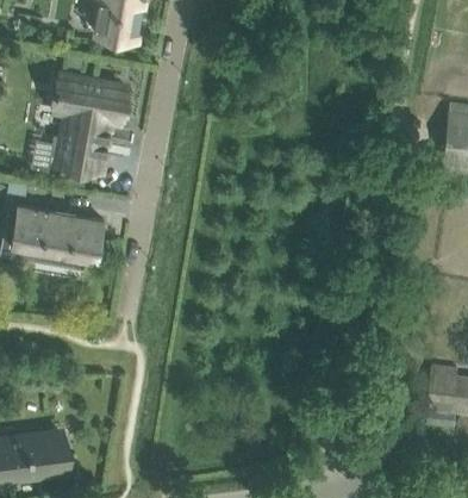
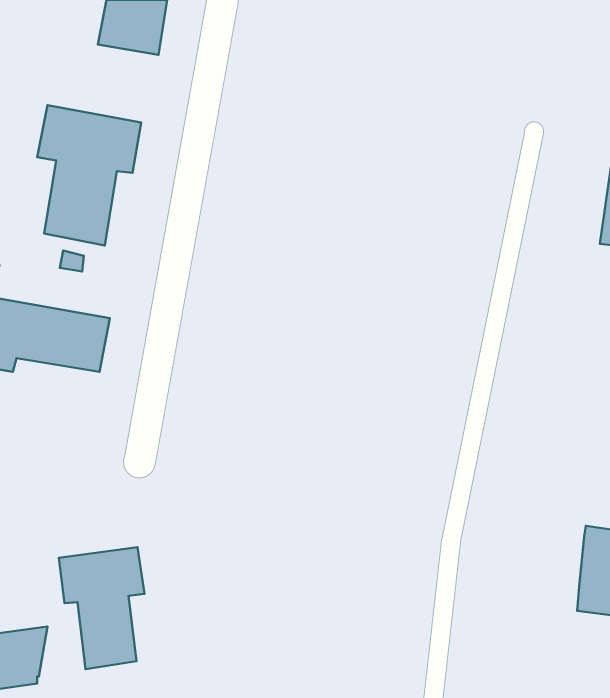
building: none -> [59,547,145,669]

